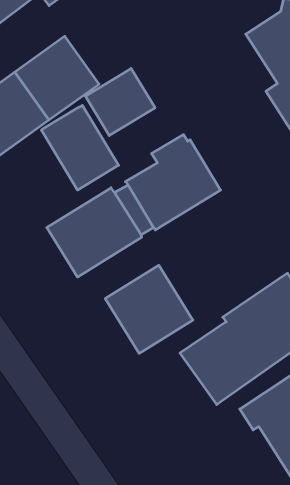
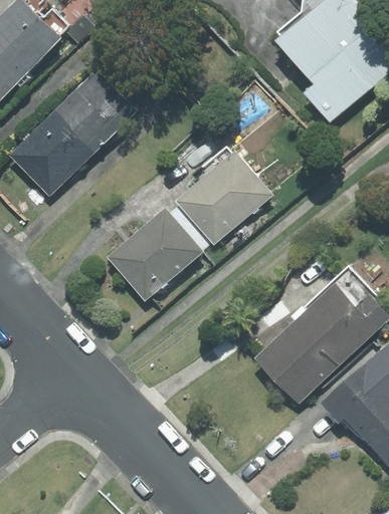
building: [85,68,155,136] -> none
building: [41,105,119,190] -> none
building: [105,265,193,353] -> none

